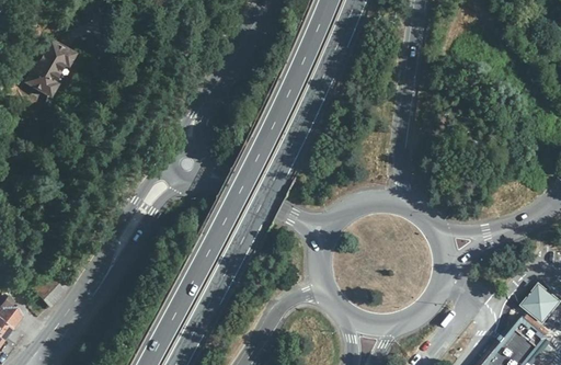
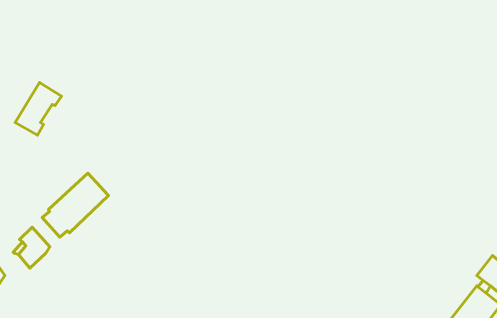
building: [25,42,73,96] -> [15,82,61,135]
building: none -> [42,173,109,237]

